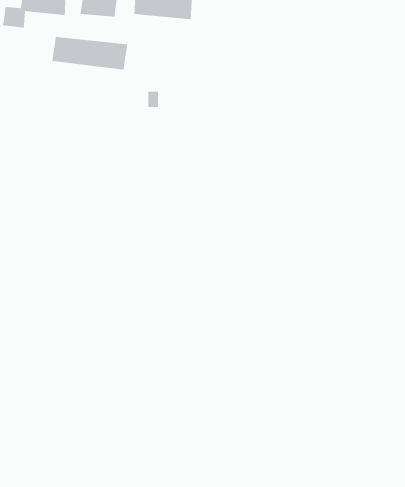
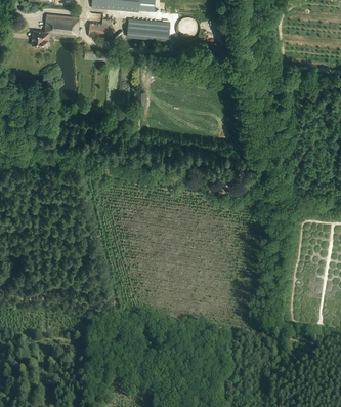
building: [52,36,128,70] -> none

